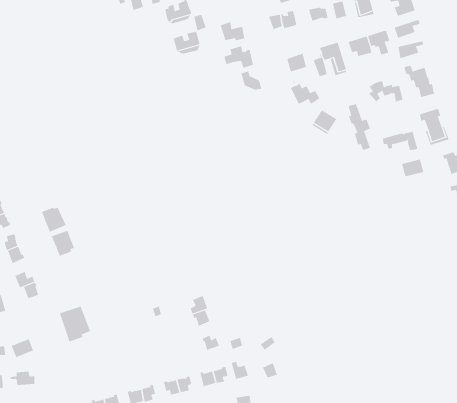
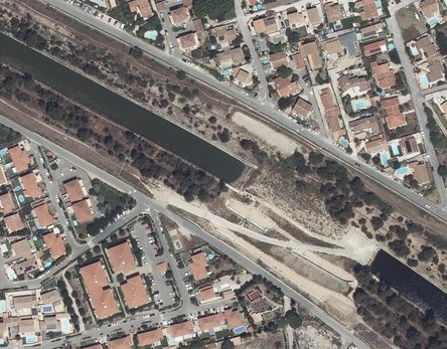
building: none -> [108,243,135,272]
building: none -> [121,277,147,308]
building: none -> [89,289,117,318]

